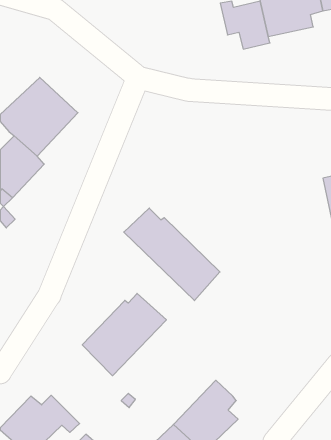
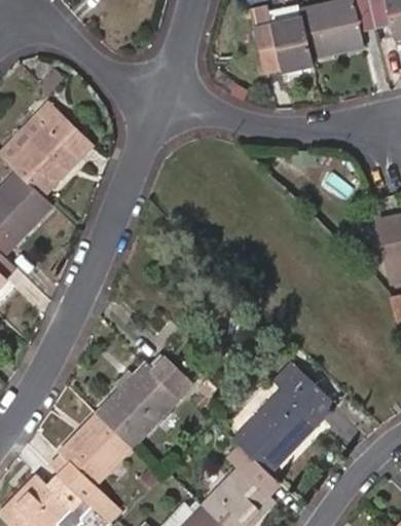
building: [124,208,220,301] -> none
building: none -> [232,374,320,473]
building: none -> [58,413,131,504]

